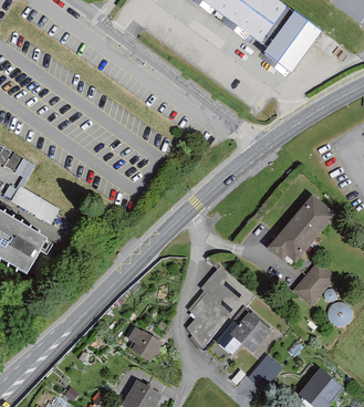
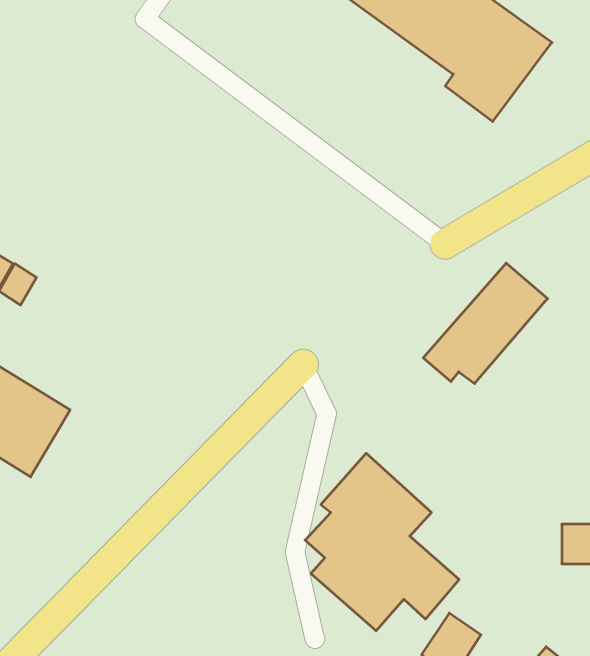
building: [266,197,335,264] -> [423,263,548,384]
building: [293,261,334,305] -> none
building: [126,324,163,359] -> none

